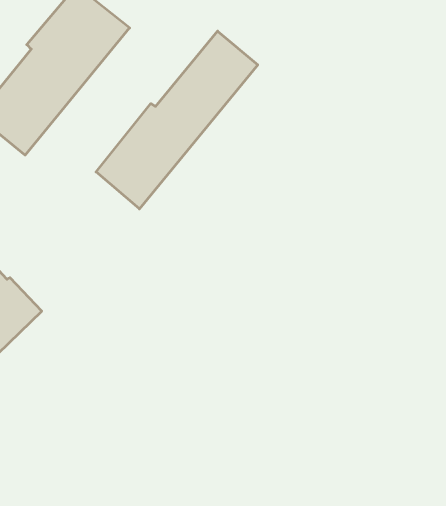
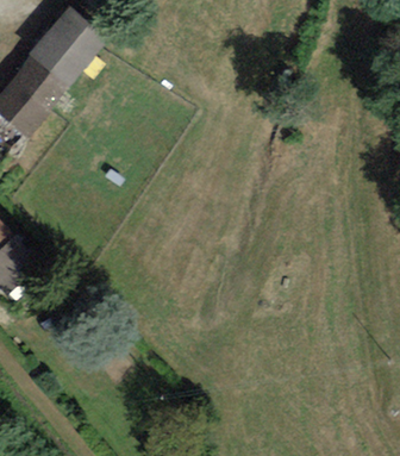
building: [96,31,258,209] -> none

